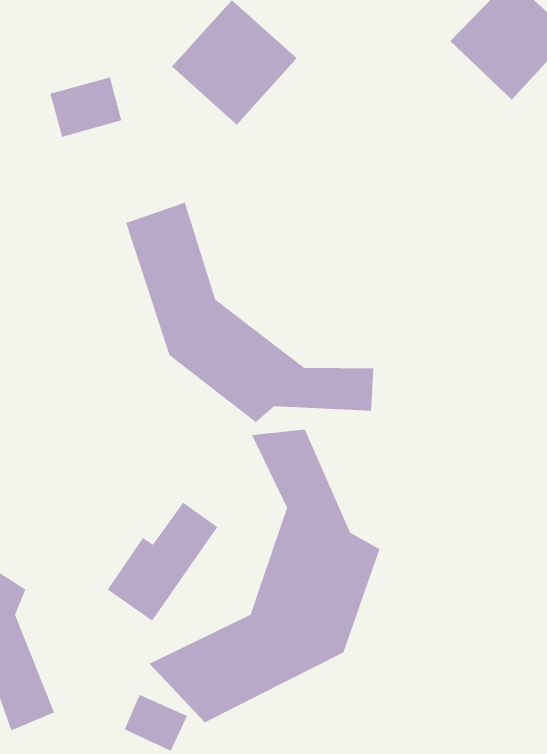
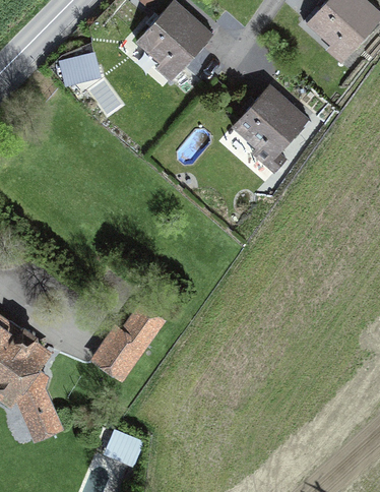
building: none -> [233,85,311,164]
building: [125,202,374,423] -> none
building: [149,429,380,723] -> none

